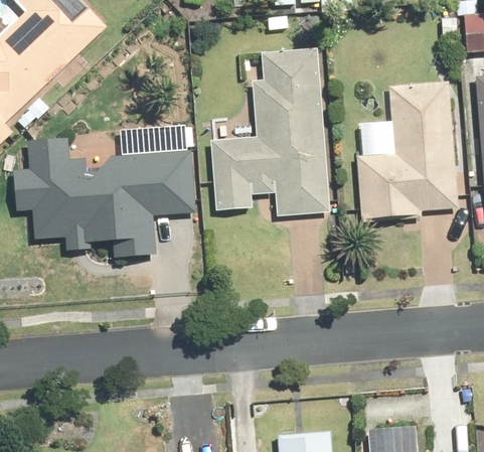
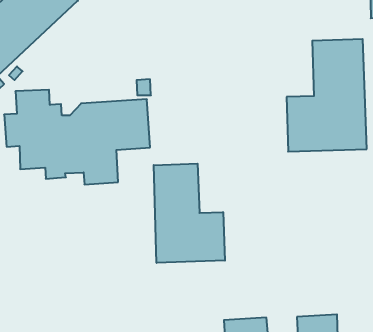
building: [213,41,331,215] -> none
building: none -> [154,164,225,263]

